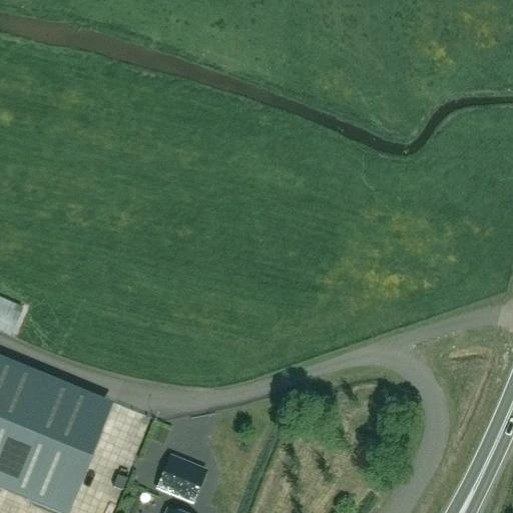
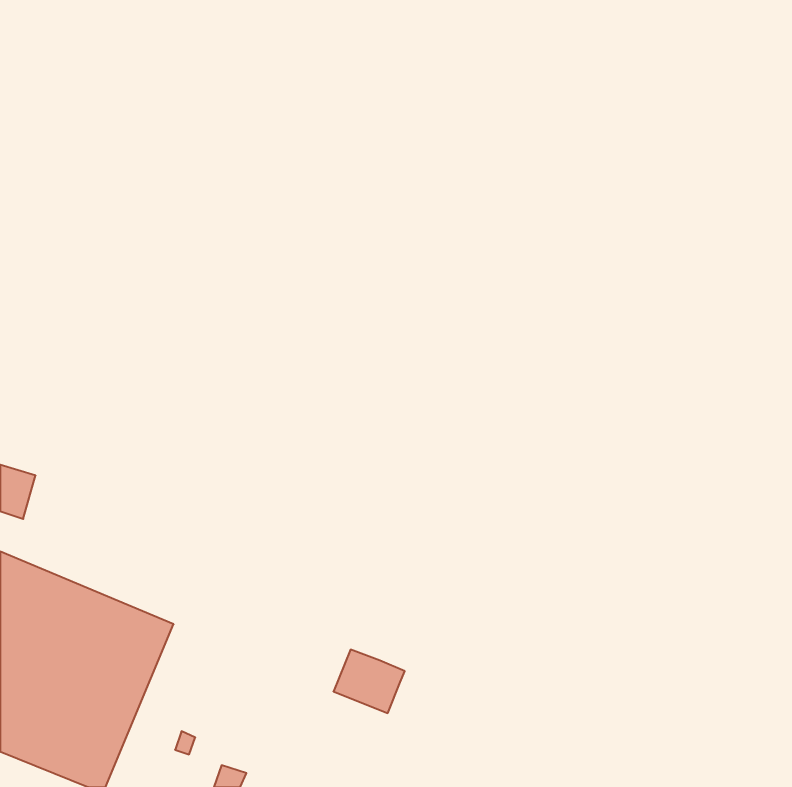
building: [158,455,204,496] -> [333,650,405,713]

